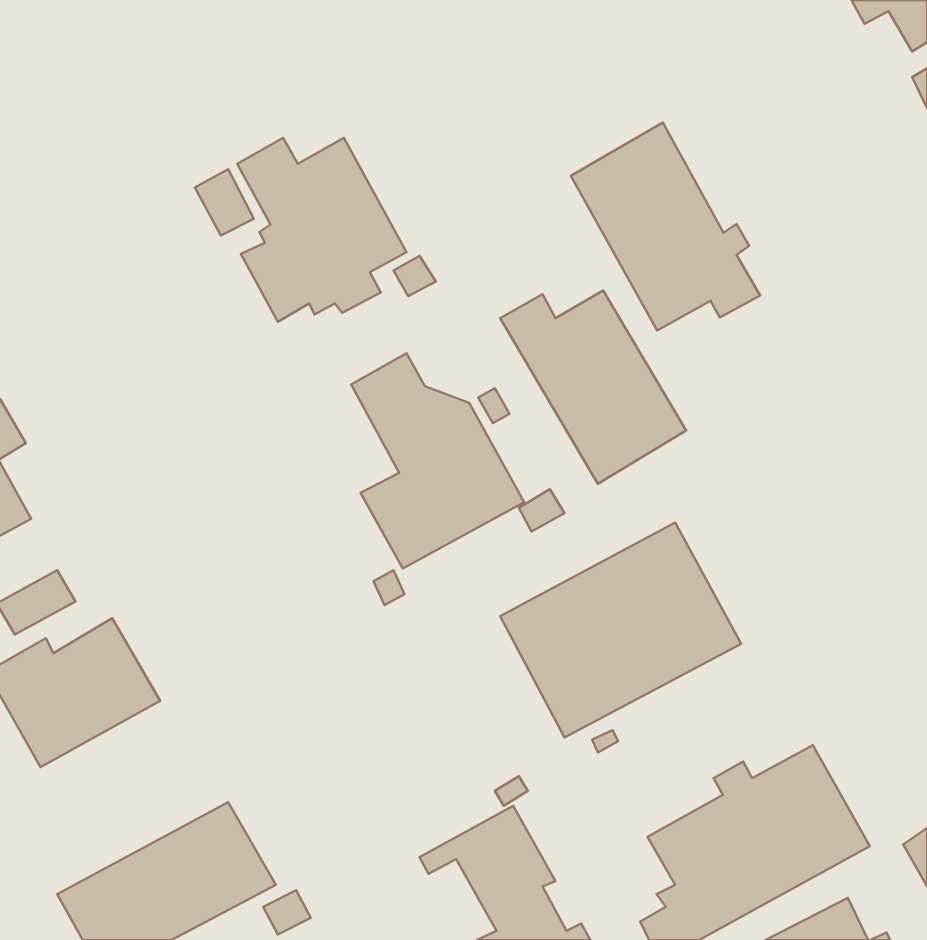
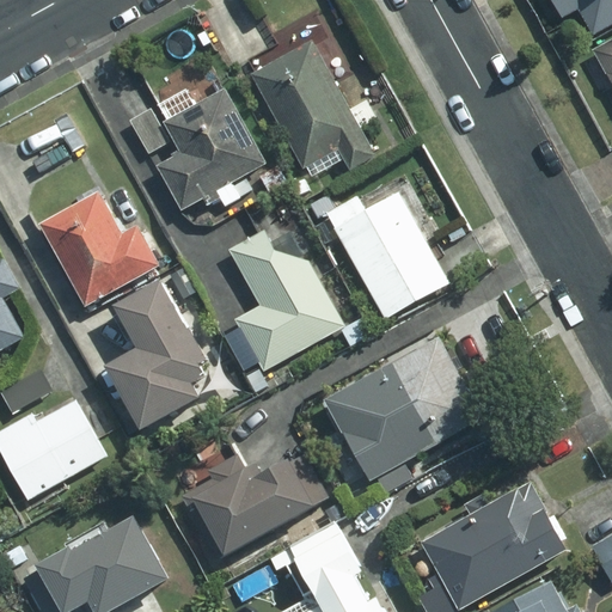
building: [571,123,760,330] -> [251,42,374,177]
building: none -> [39,194,157,306]
building: none -> [109,283,208,429]
building: none -> [182,455,326,559]

